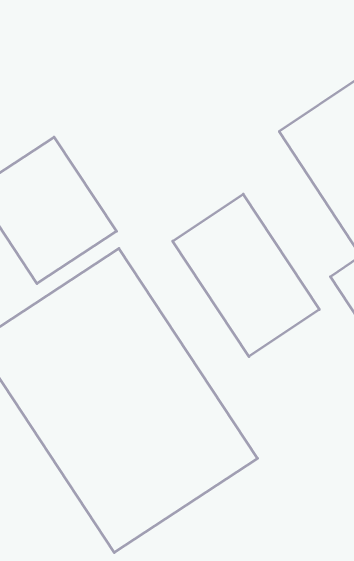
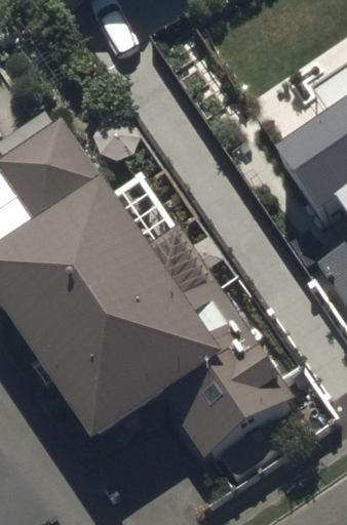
building: [173,194,319,357] -> none

